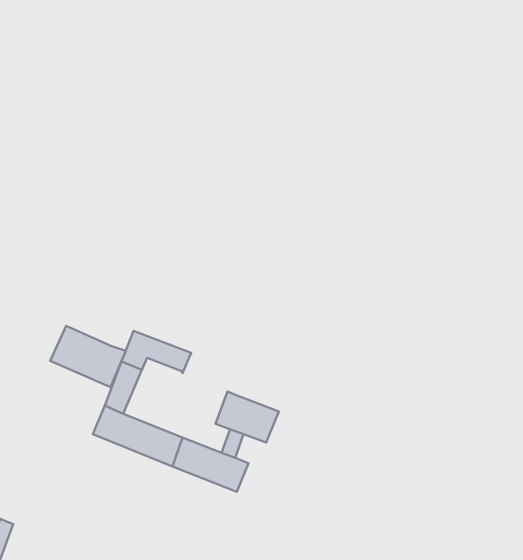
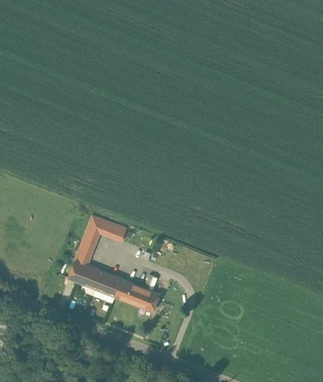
building: [50,326,126,387] -> none
building: [216,392,279,443] -> none

